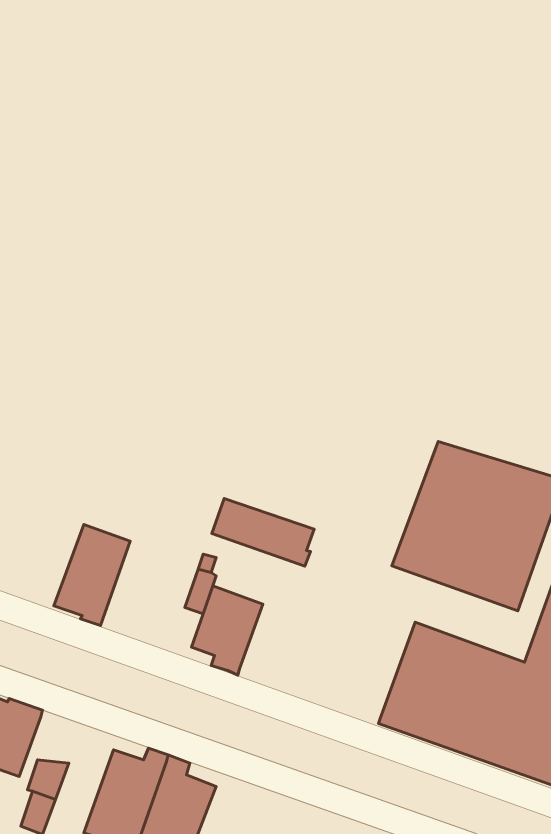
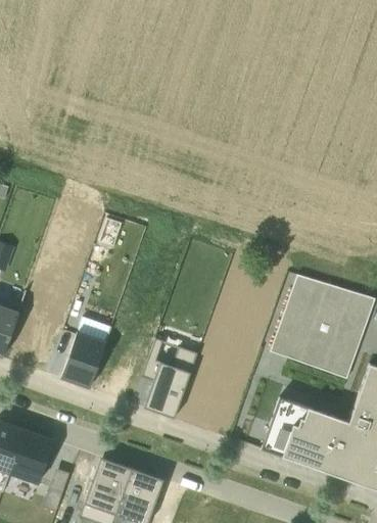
building: [212,498,314,566] -> none

